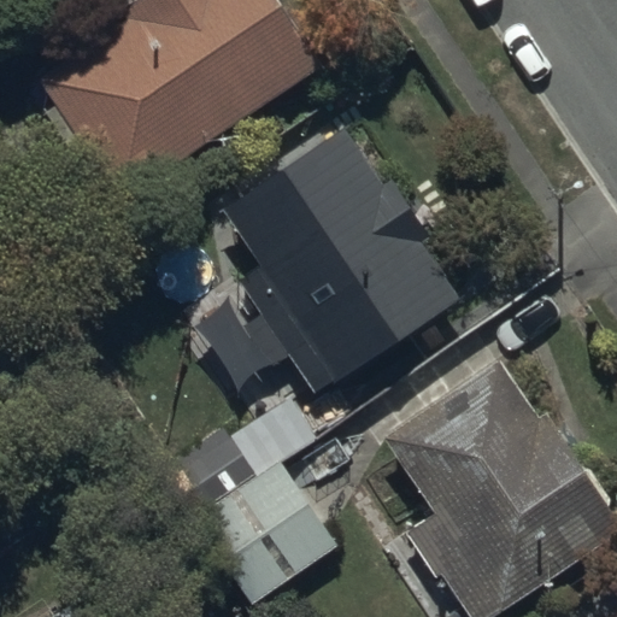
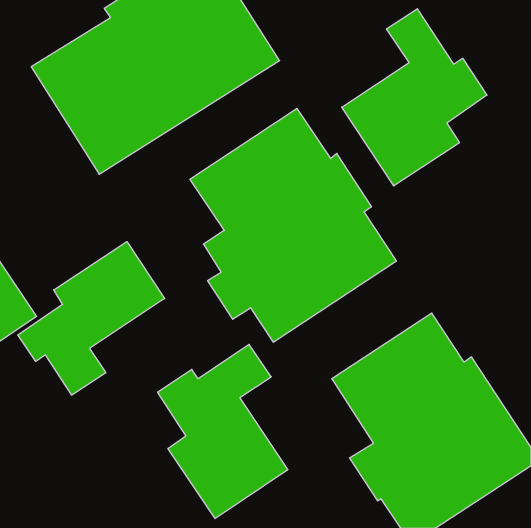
building: none -> [342,9,487,186]
building: none -> [18,242,165,395]

